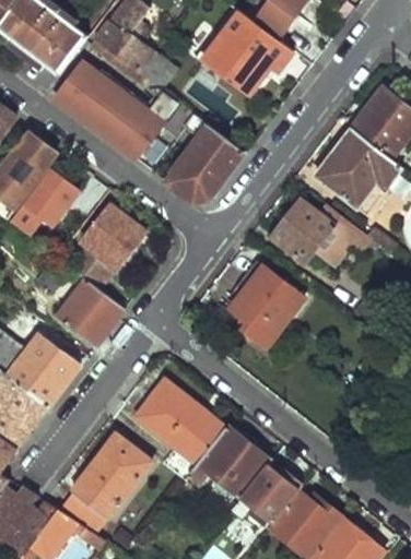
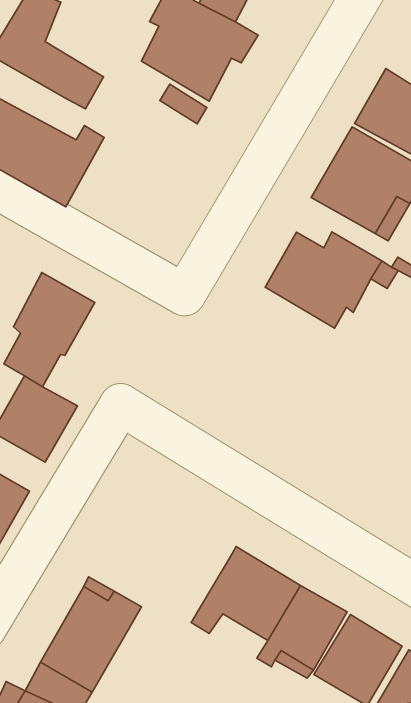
building: [162,105,244,202] -> none
building: [231,265,304,344] -> none
building: [136,381,222,479] -> none

